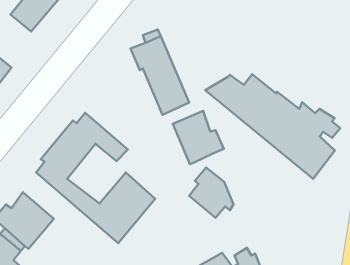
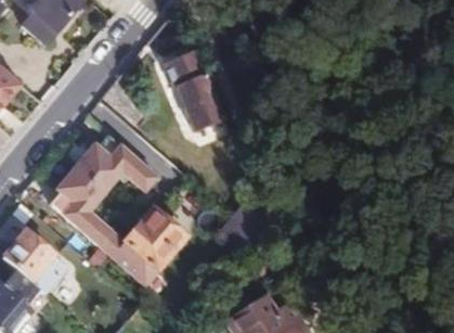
building: [205,74,340,179] -> none
building: [173,111,224,164] -> none

